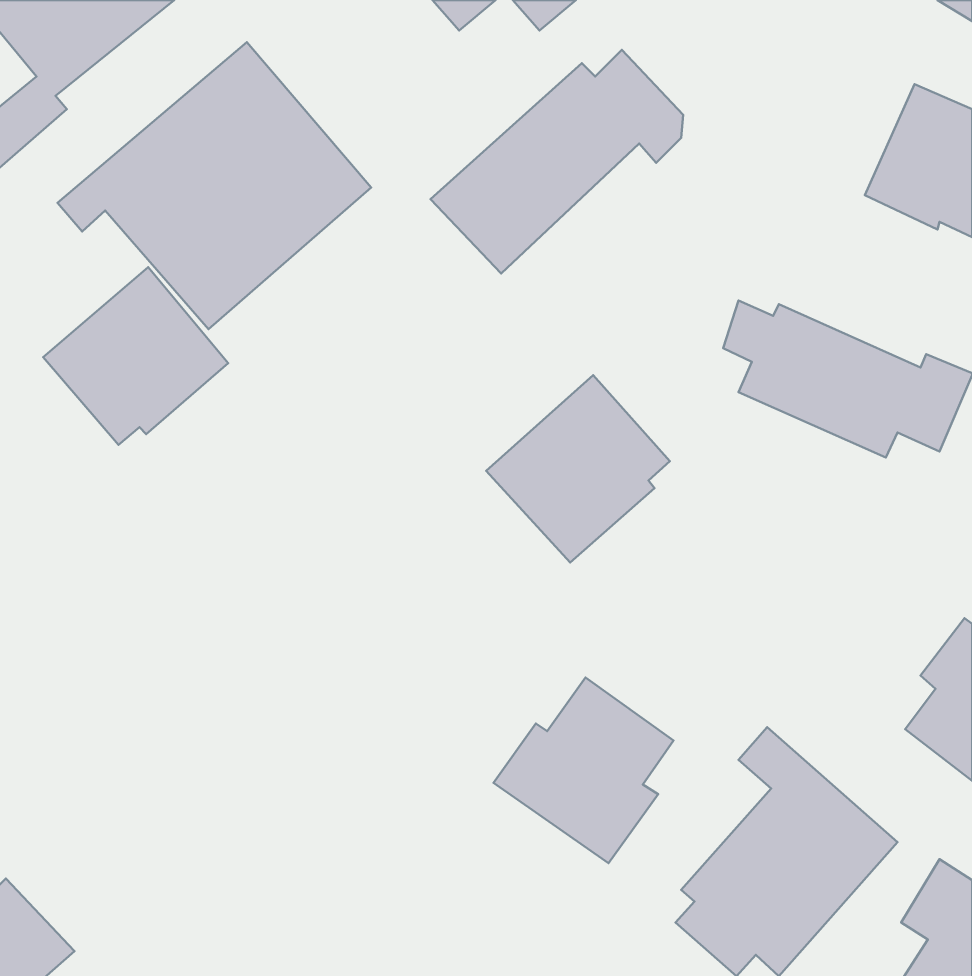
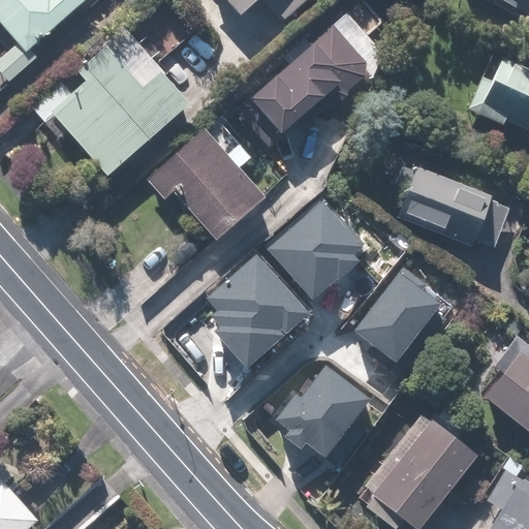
building: none -> [147,124,271,239]
building: [43,267,228,445] -> none
building: none -> [201,261,303,372]
building: none -> [350,270,438,377]

